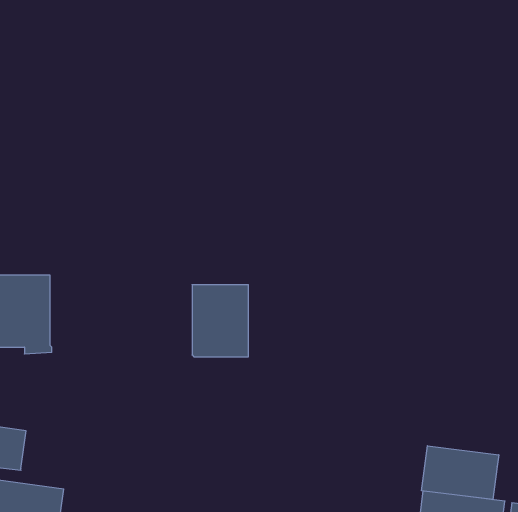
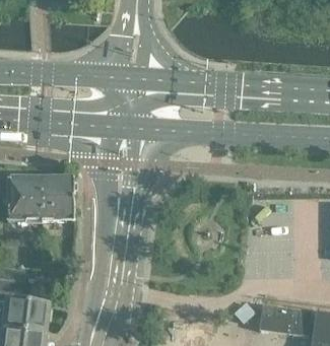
building: [192,285,248,357] -> [41,176,74,218]
building: [422,446,499,500] -> none

